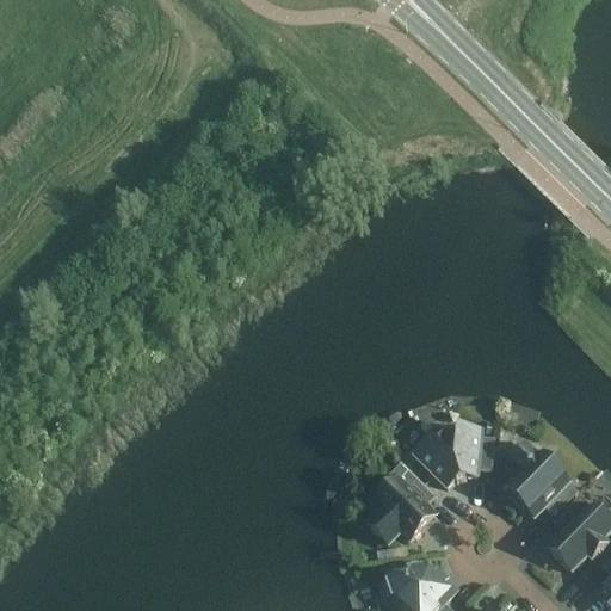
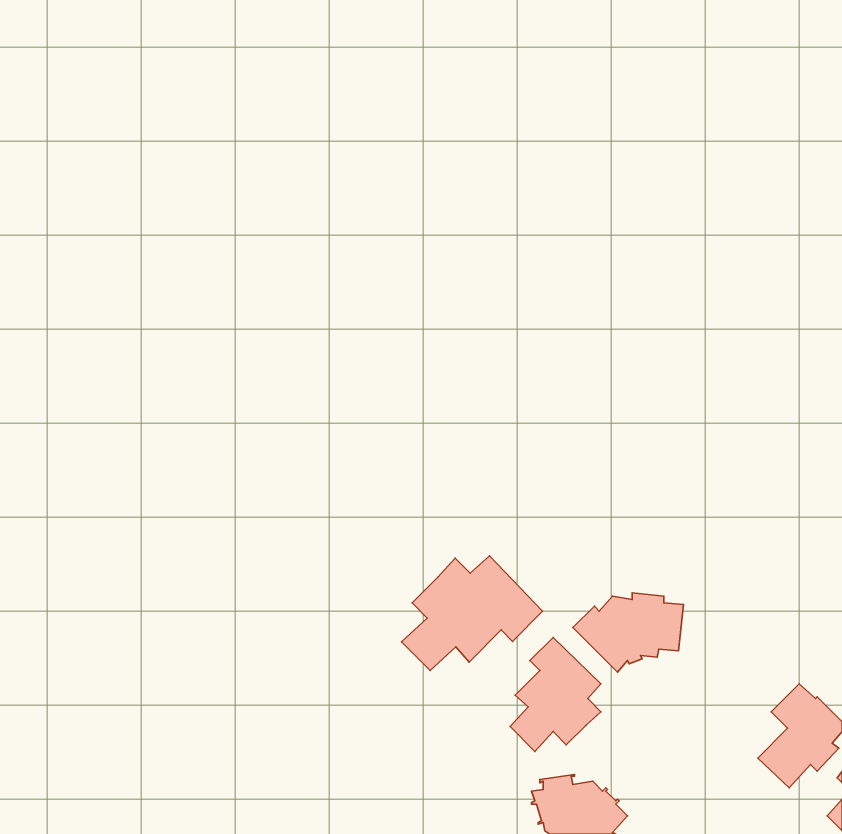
building: none -> [402,556,543,670]
building: [504,444,576,514] -> none

